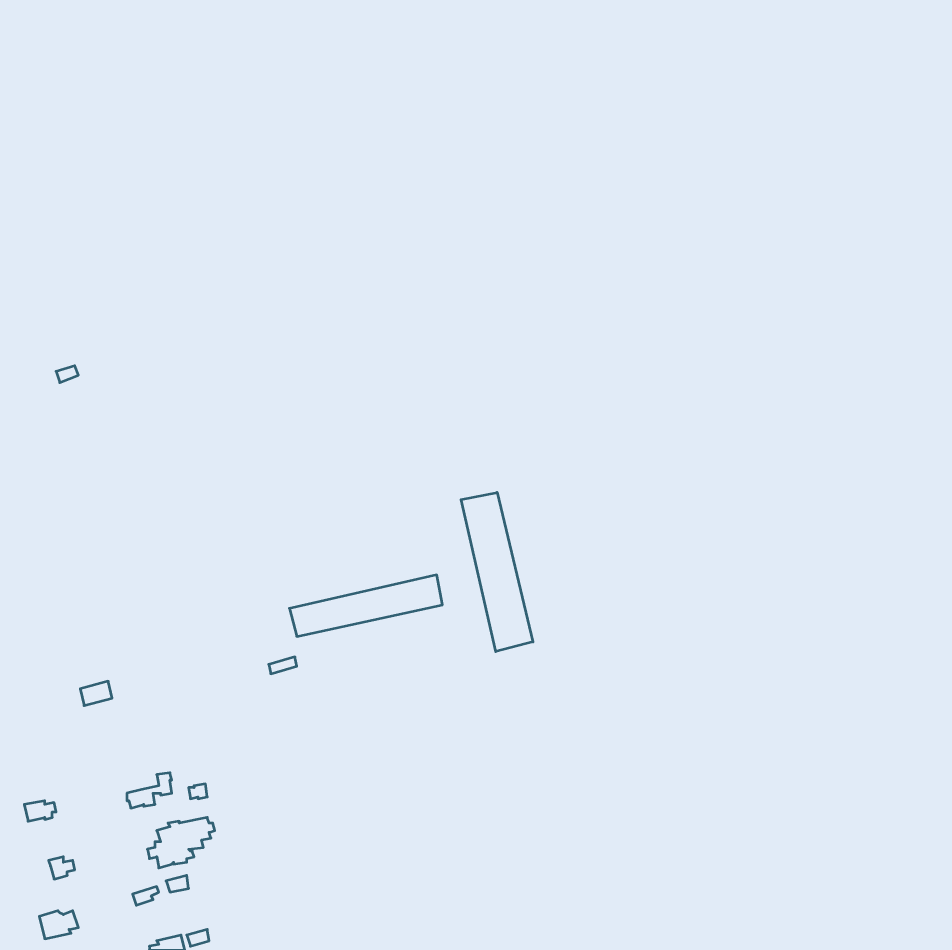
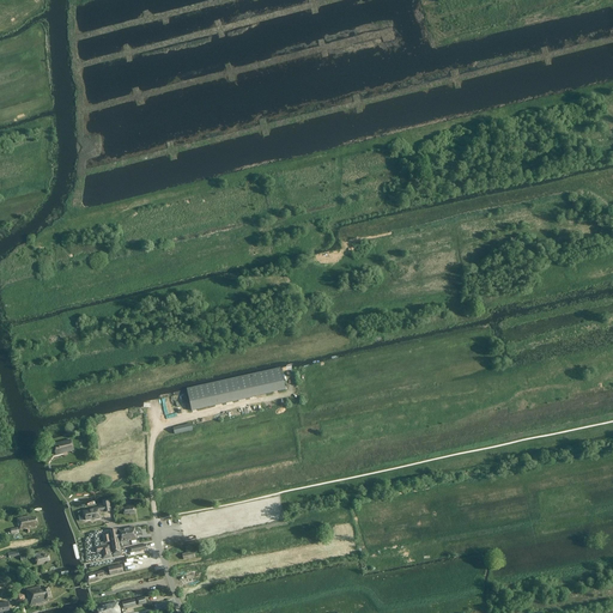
building: [461,492,533,652] -> none

